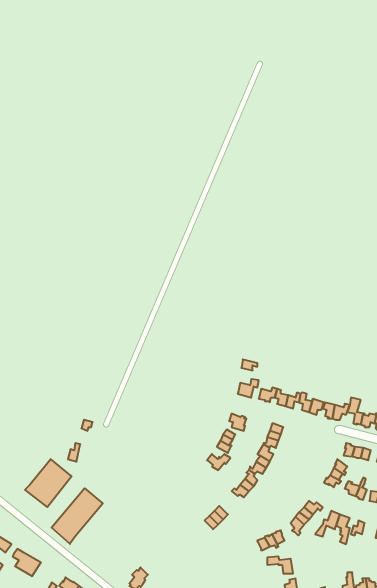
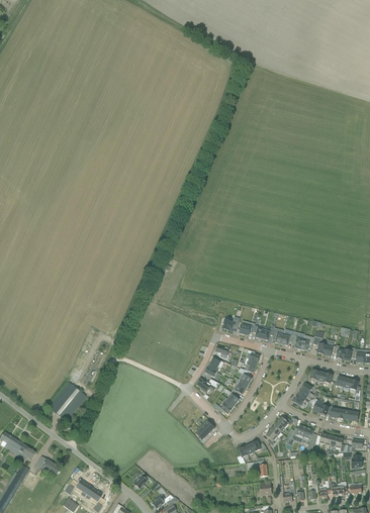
building: [52,488,103,544] -> none

